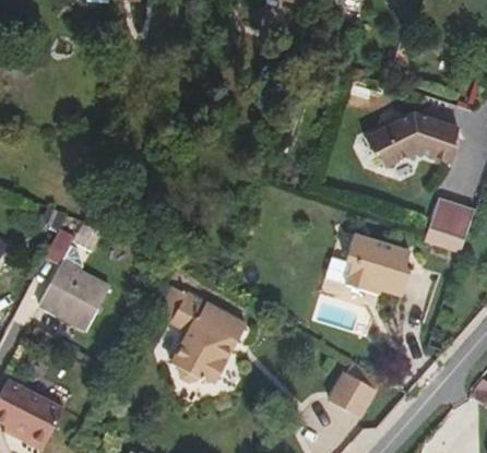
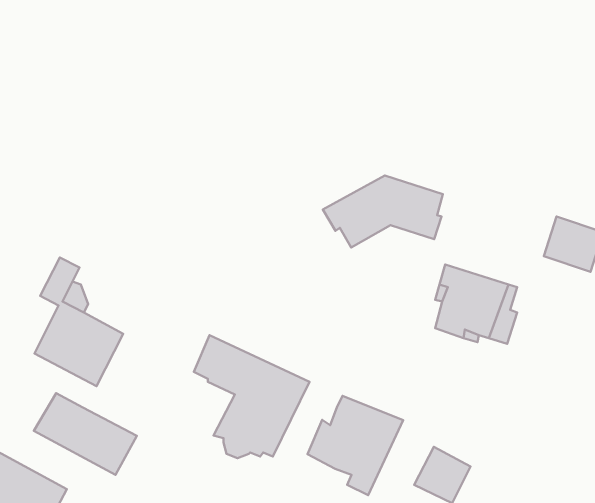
building: [367,110,460,166] -> [323,176,443,248]
building: none -> [34,393,137,475]
building: none -> [307,396,403,495]

